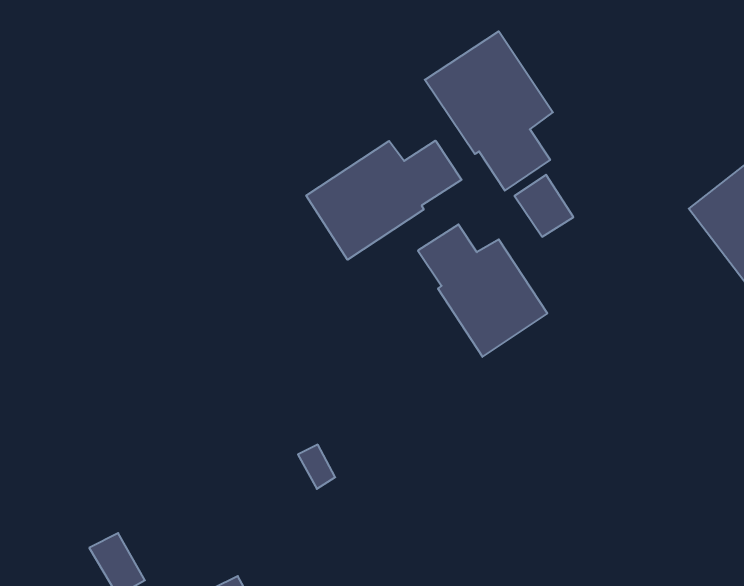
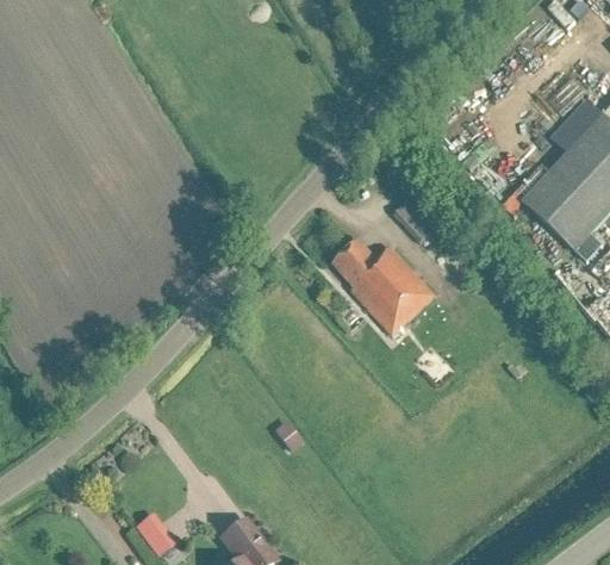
building: [425,31,553,191] -> none
building: [306,141,462,260] -> none

